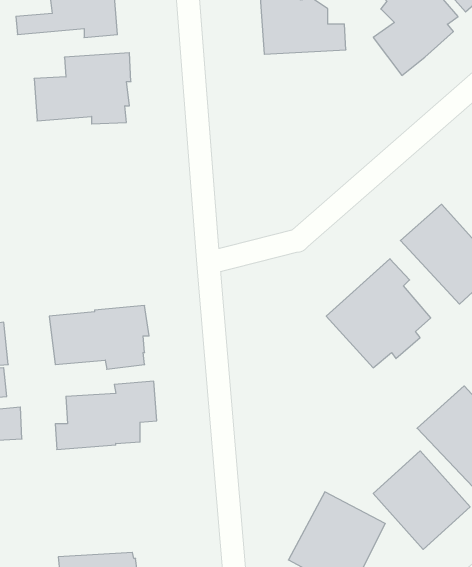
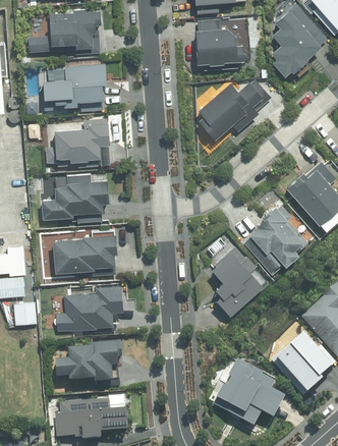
building: none -> [200,76,272,138]
building: none -> [55,119,110,162]
building: none -> [42,179,110,219]
building: none -> [211,245,268,315]
building: none -> [55,341,121,383]

